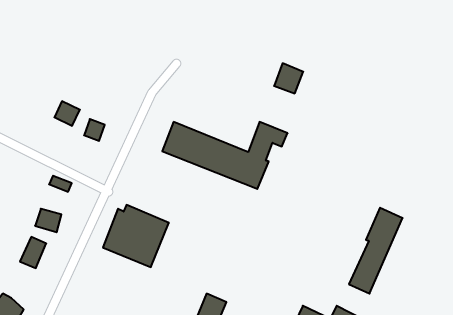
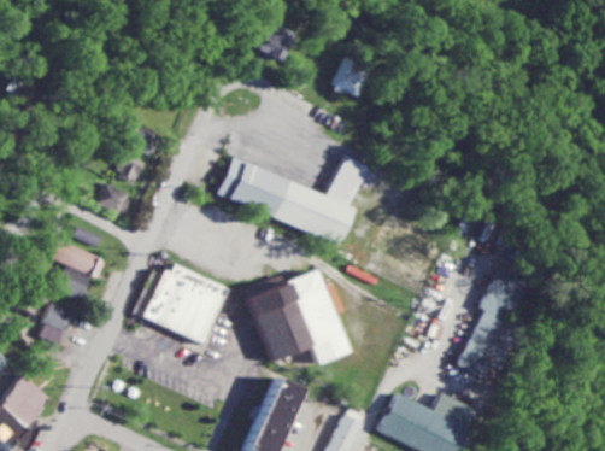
building: none -> [259,20,293,59]
building: [274,63,303,93] -> [331,58,369,96]
building: [54,101,80,126] -> [96,182,129,213]
building: none -> [48,240,105,277]
building: none -> [248,269,347,363]

